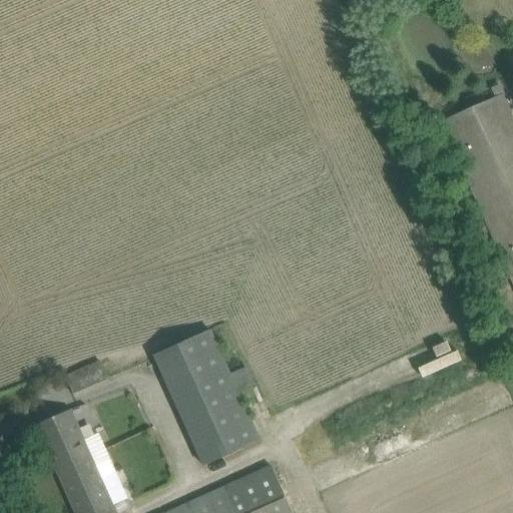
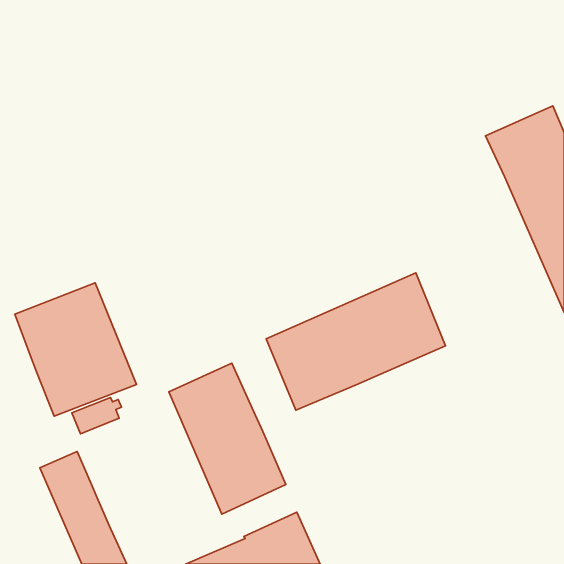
building: none -> [266,273,445,410]
building: none -> [15,283,137,416]

